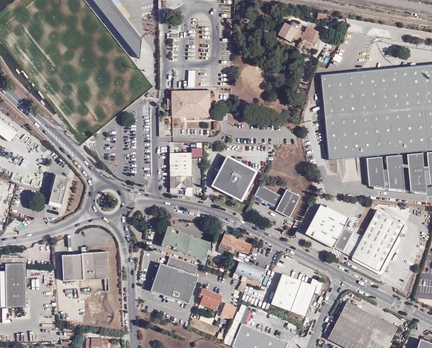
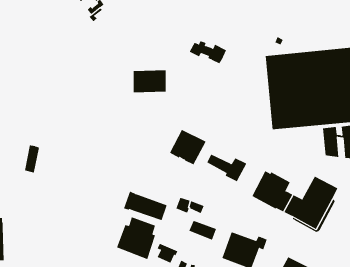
building: [277,22,320,49] -> [189,40,227,64]
building: [169,152,191,195] -> none
building: [366,156,384,187] -> none
building: [61,246,108,290] -> none

